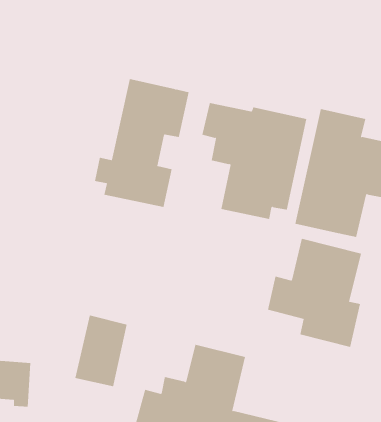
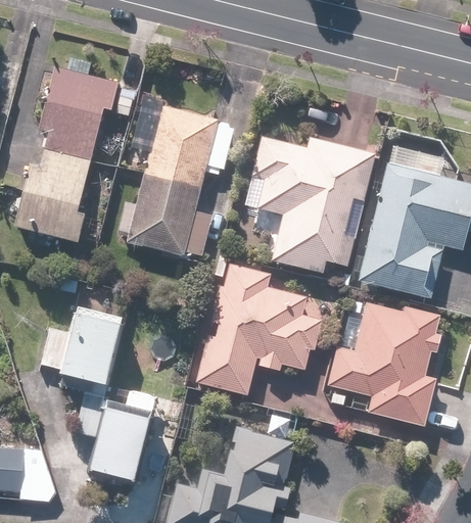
building: none -> [13,69,120,247]
building: none -> [194,259,320,395]
building: none -> [37,306,128,383]

